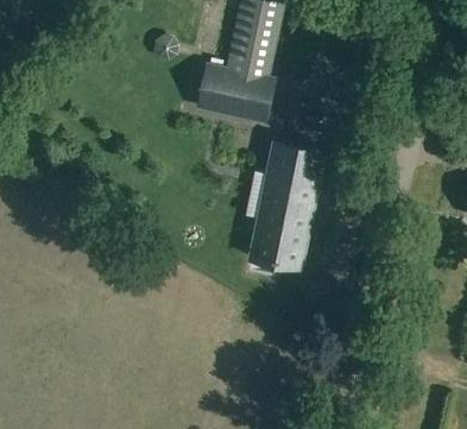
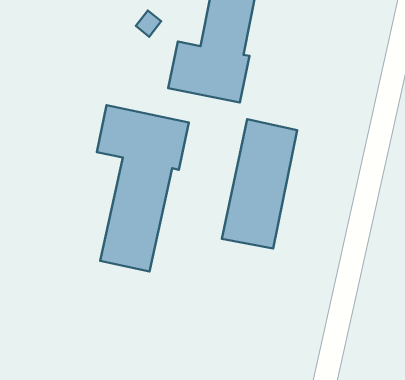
building: none -> [97,105,189,272]

